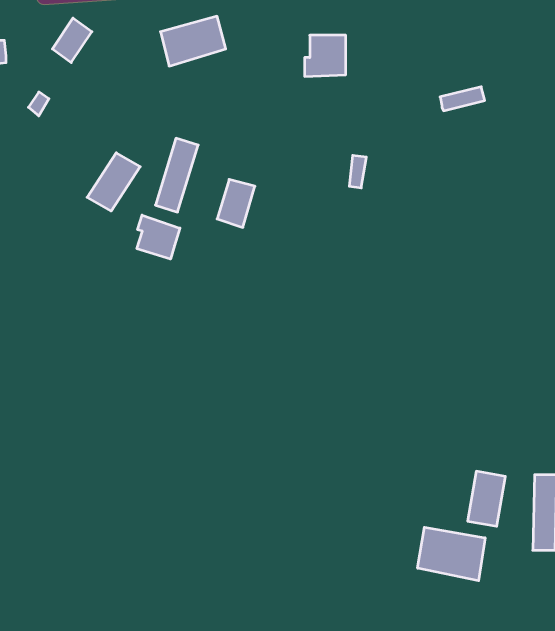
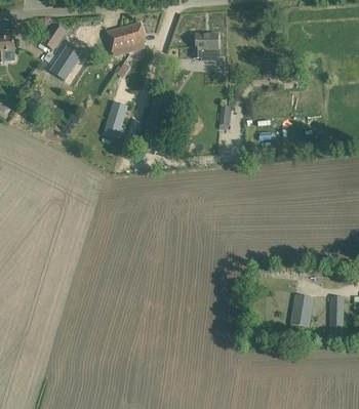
building: [87,153,140,211] -> [50,45,82,80]
building: [137,215,180,259] -> none
building: [418,527,485,581] -> none

